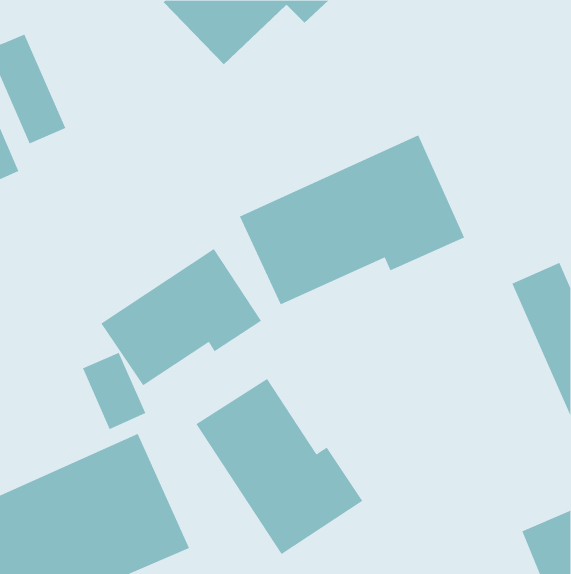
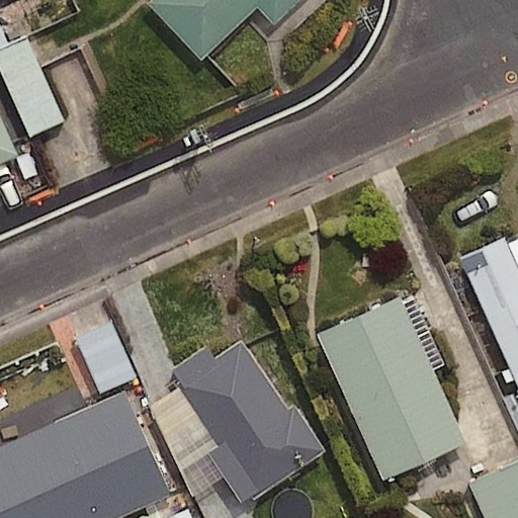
building: [239,135,465,305] -> none
building: [101,248,262,386] -> none
building: none -> [318,296,465,479]

